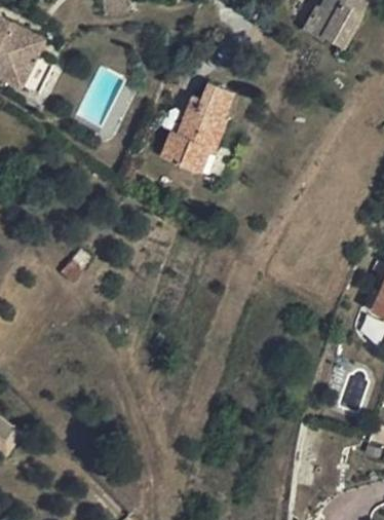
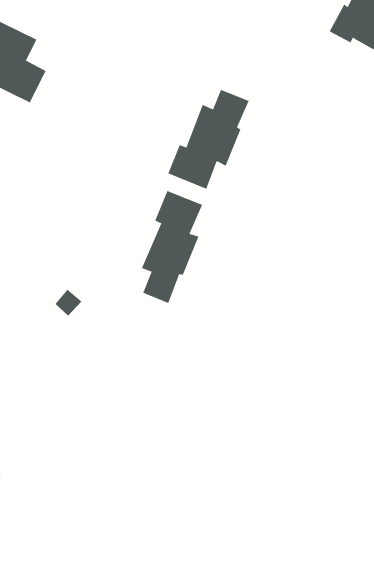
building: none -> [141,190,203,304]

